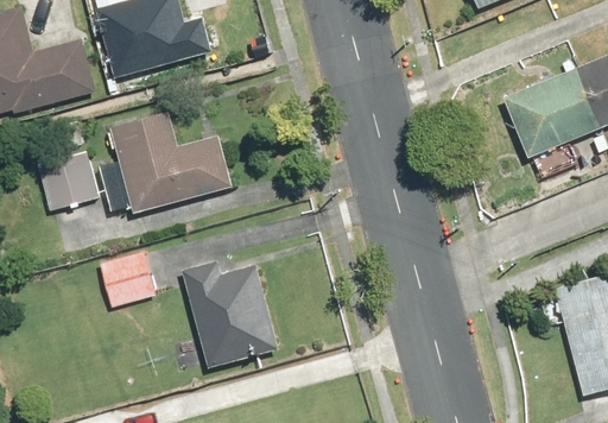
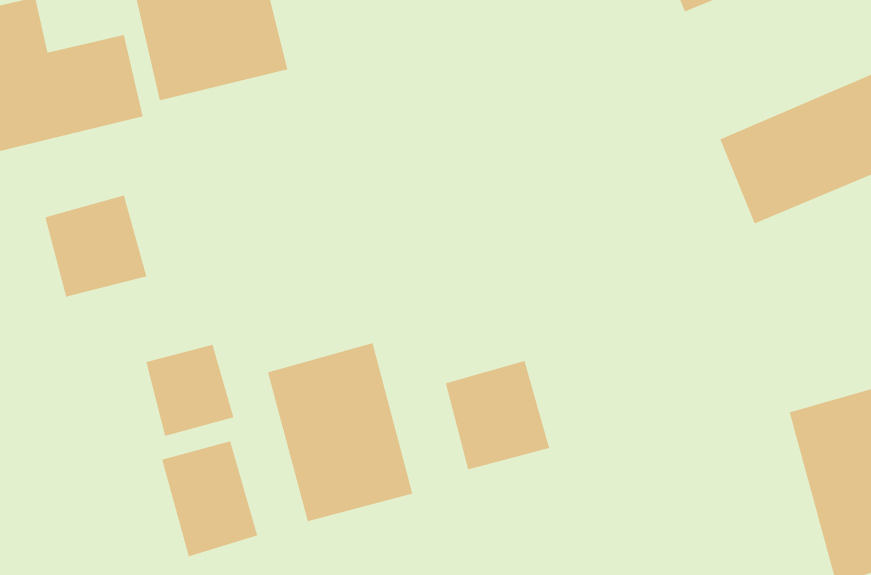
building: [93,101,240,214] -> none
building: none -> [445,360,550,470]
building: none -> [161,441,258,557]

